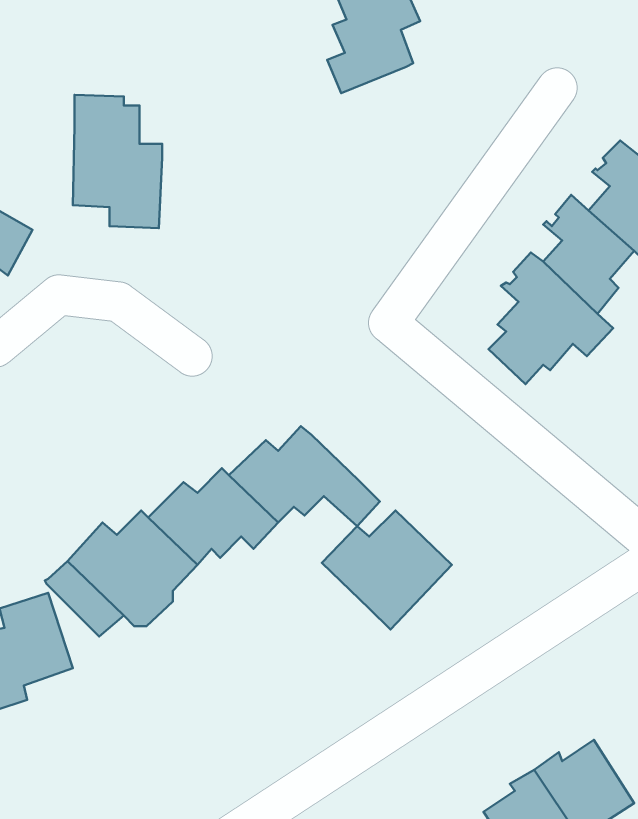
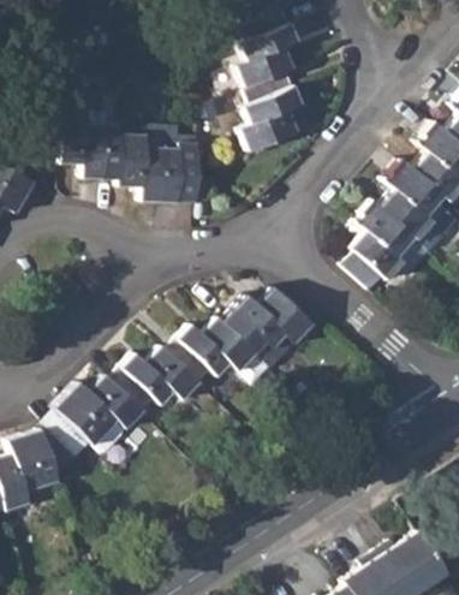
building: none -> [242,70,304,151]
building: none -> [121,123,202,203]
building: [322,510,452,630] -> [226,286,315,368]

